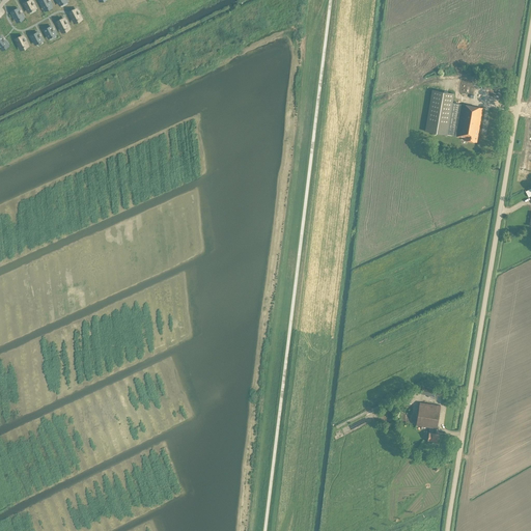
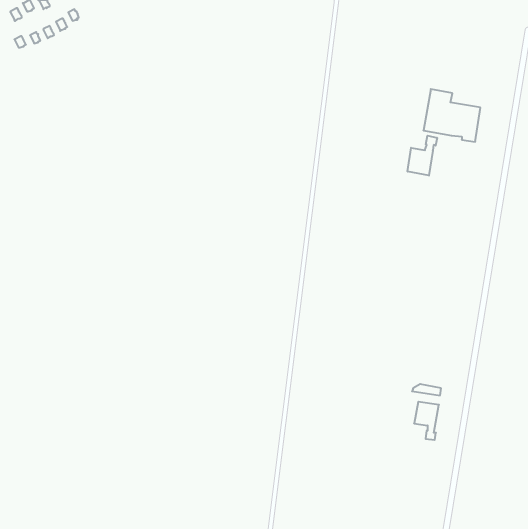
building: none -> [408,136,437,176]

